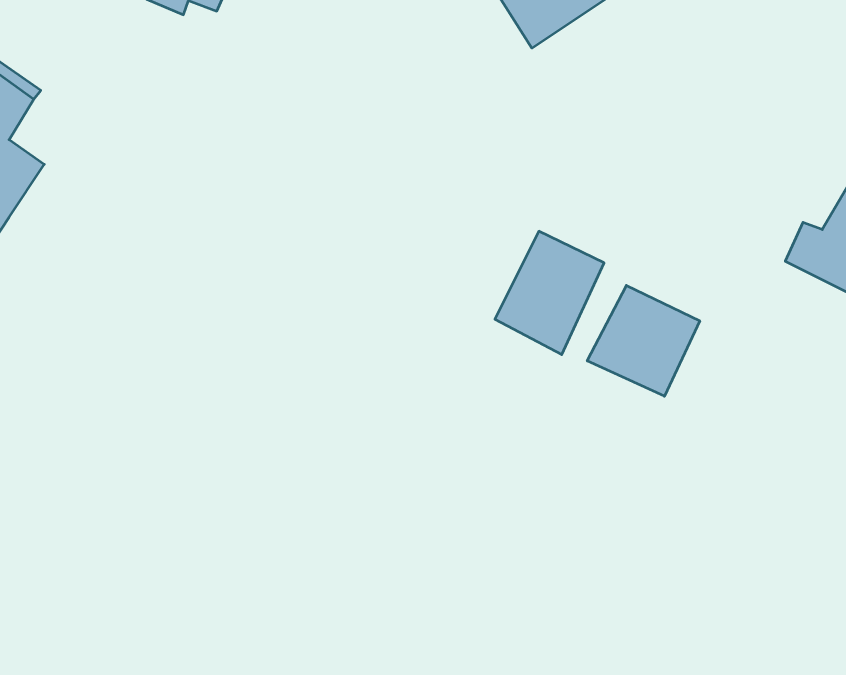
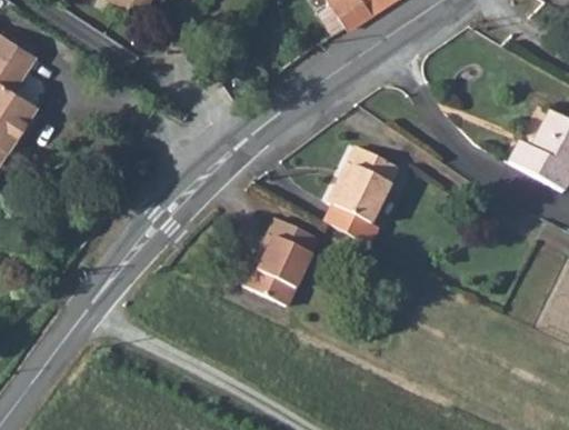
building: [587,285,700,396] -> none
building: none -> [241,222,317,306]

